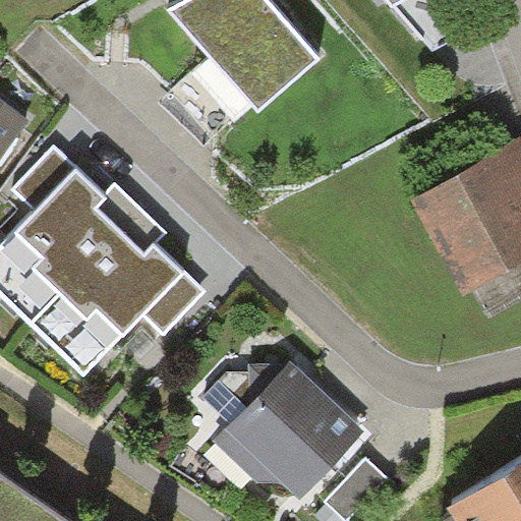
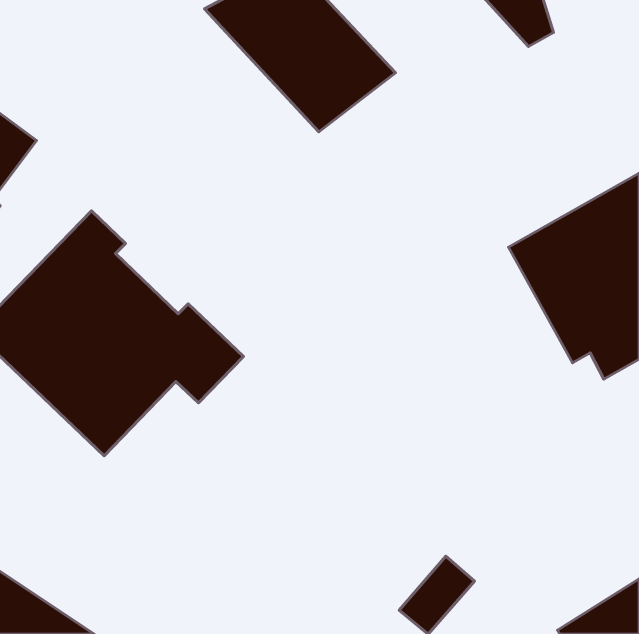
building: [217,359,370,507] -> none

